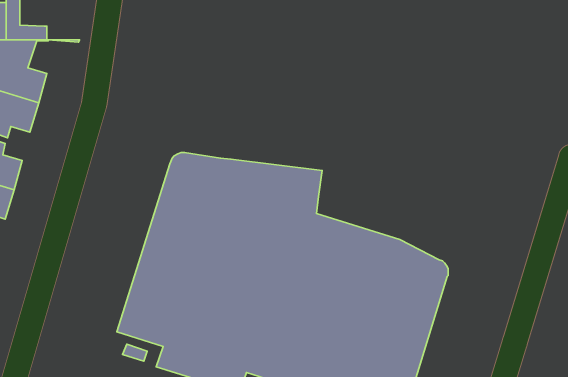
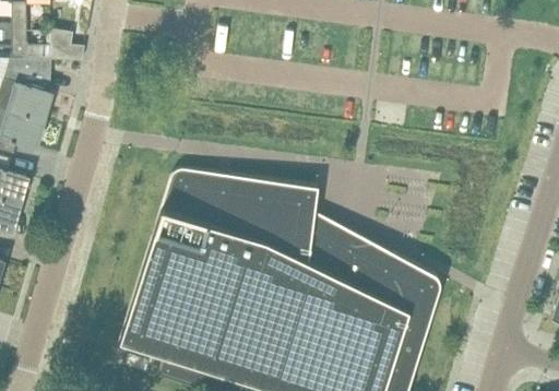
building: none -> [52,31,86,60]

